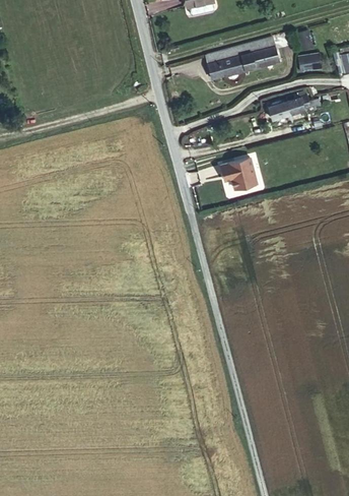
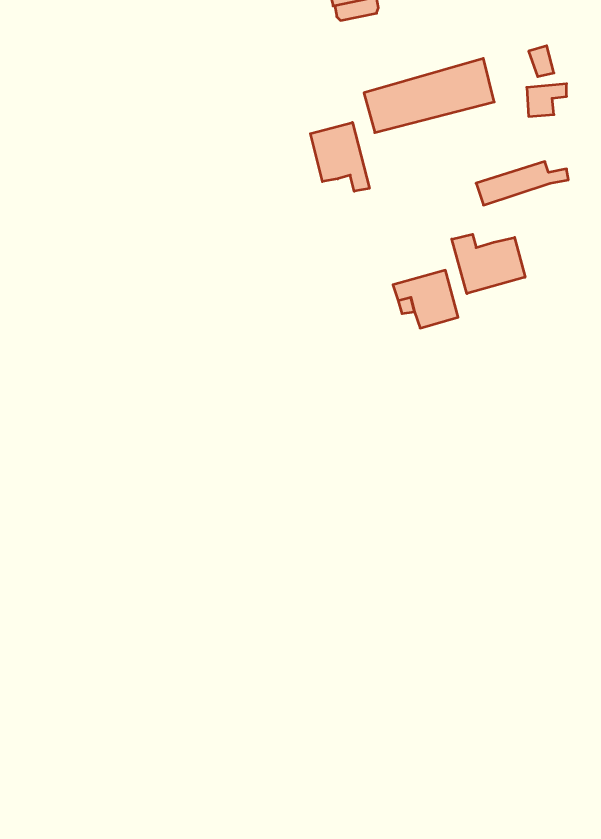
building: none -> [310,122,369,191]
building: none -> [452,234,525,294]

